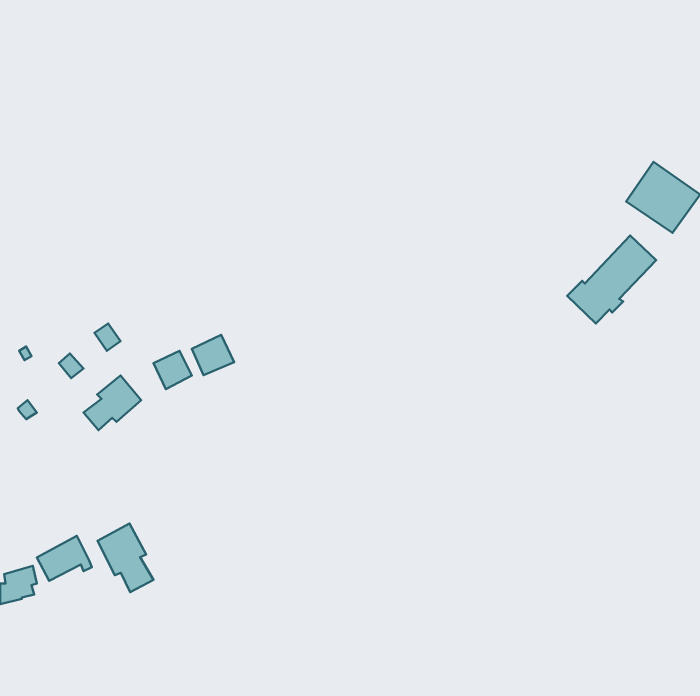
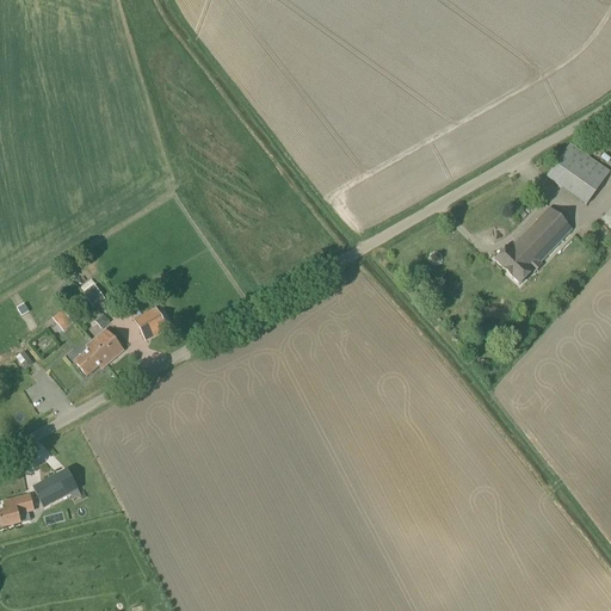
building: [192,335,234,375] -> none
building: [97,524,154,592] -> none

